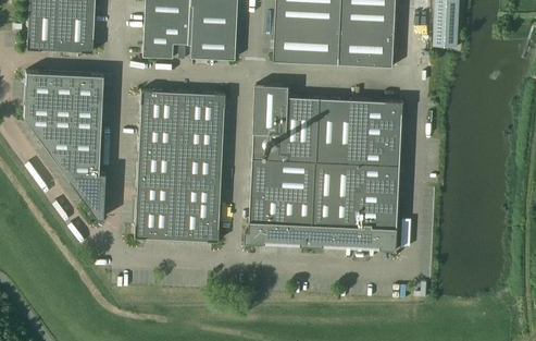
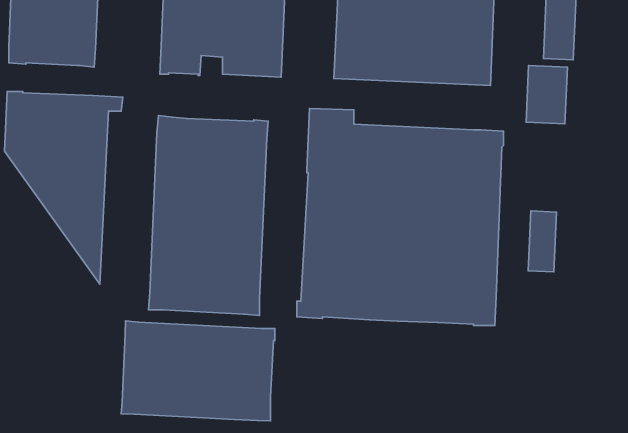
building: none -> [526,66,567,124]
building: none -> [528,211,557,272]
building: none -> [121,321,275,421]

